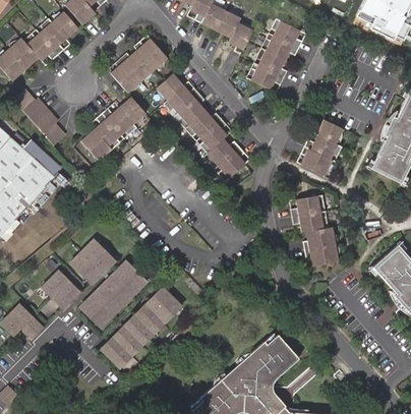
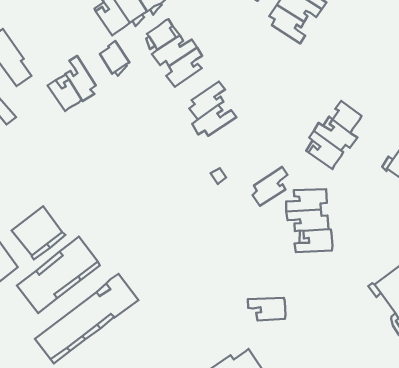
building: [247,66,286,91] -> none
building: [104,107,138,134] -> none
building: [187,109,223,136] -> none
building: [220,145,246,180] -> [253,167,287,206]
building: [304,245,337,267] -> [248,298,285,320]

